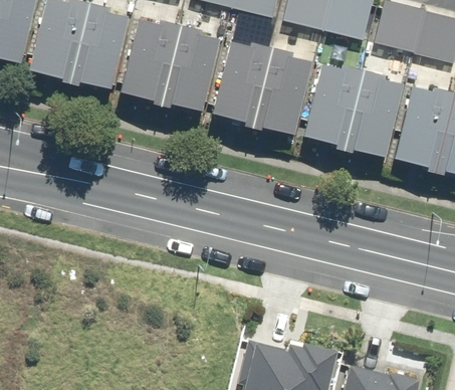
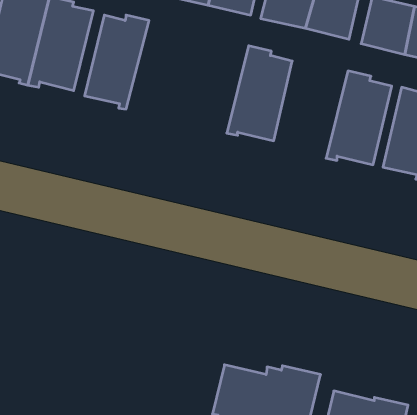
building: [159,23,220,110] -> none
building: [213,40,271,127] -> none
building: [304,63,363,150] -> none

